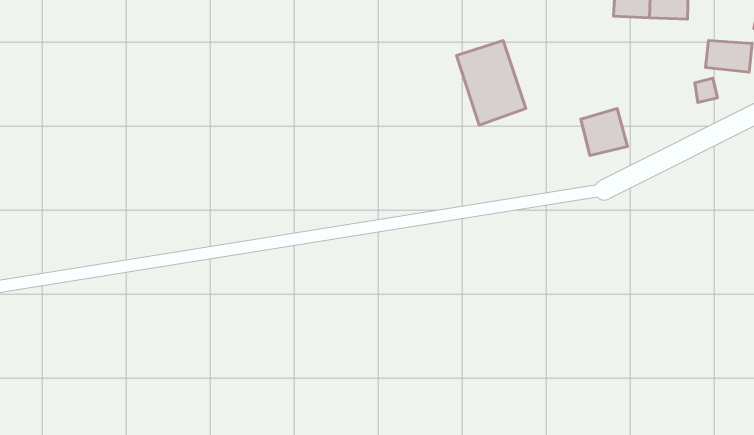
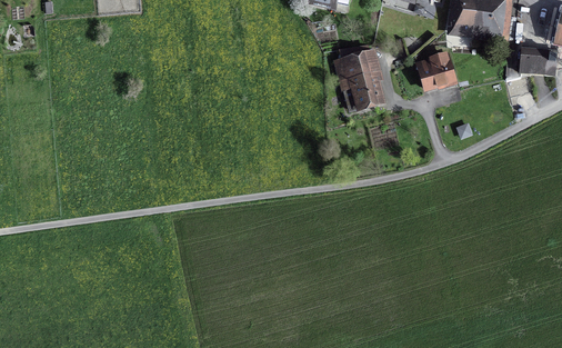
building: [581,109,628,155] -> [418,58,452,92]

